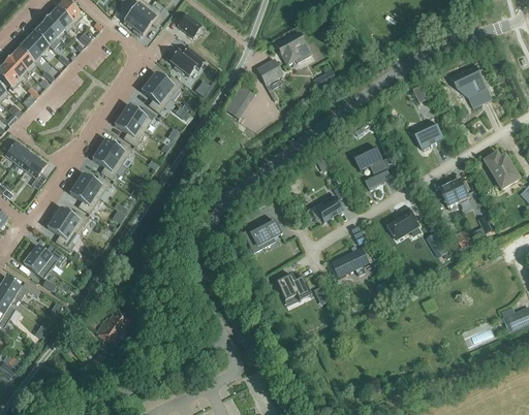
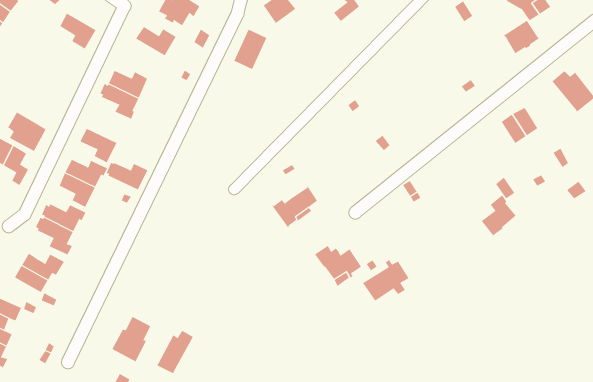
building: [141,81,170,113] -> [59,13,96,49]
building: [414,122,444,149] -> [503,20,540,54]
building: none -> [7,111,46,152]
building: [97,138,132,164] -> [106,162,148,190]
building: [354,147,390,188] -> none
building: [316,193,343,221] -> none
building: [388,205,418,238] -> [481,195,516,236]
building: [331,245,370,278] -> [362,259,409,302]
building: none -> [157,330,194,374]

